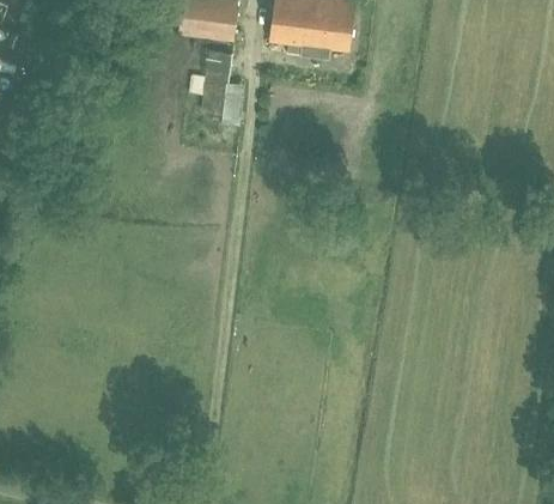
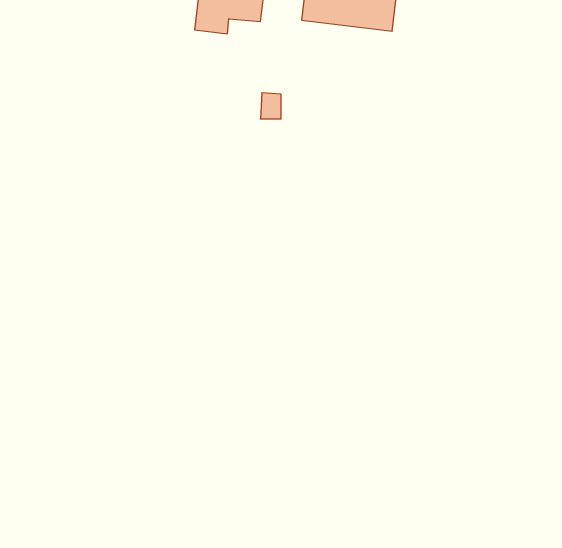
building: [200,50,231,114] -> none

